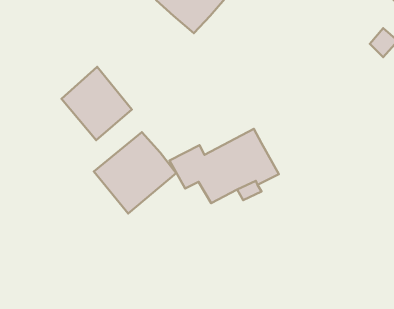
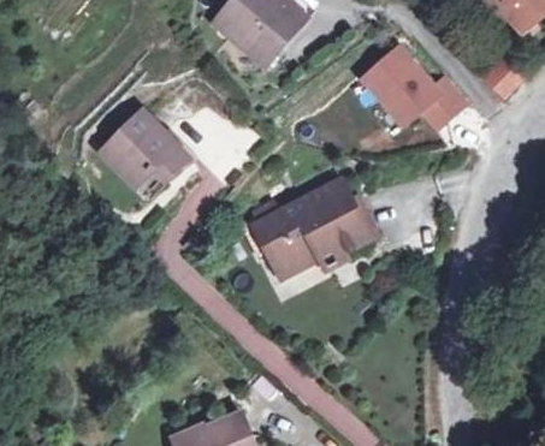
building: none -> [357,41,470,131]
building: [94,132,176,214] -> none

